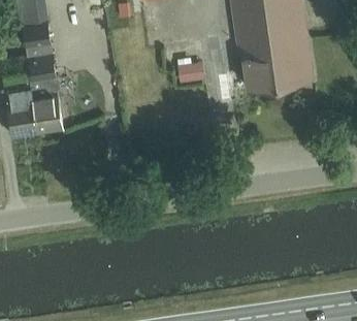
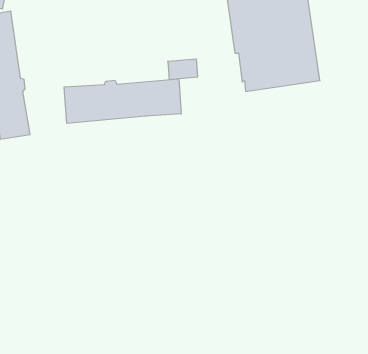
building: none -> [64,79,181,123]

